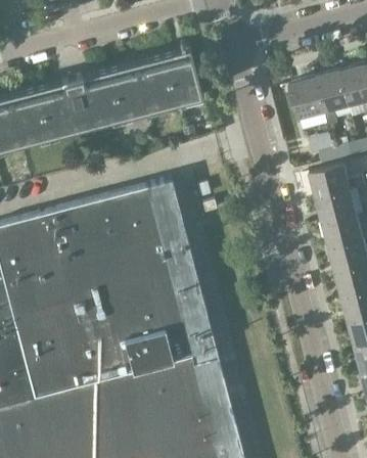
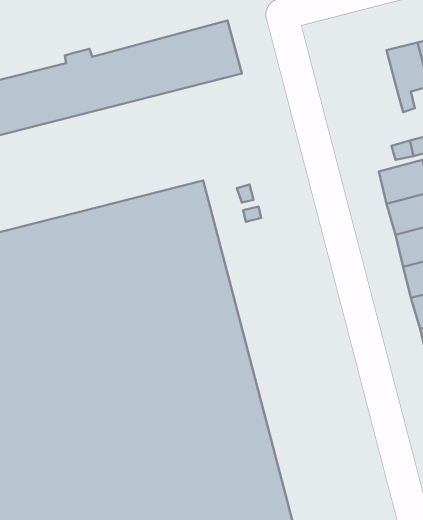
building: [289,77,324,119] -> none

